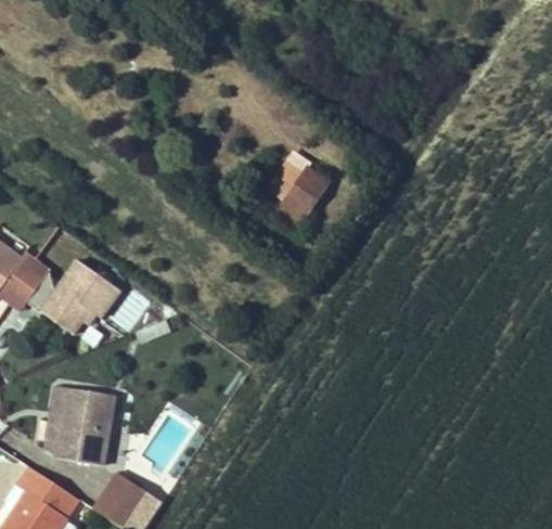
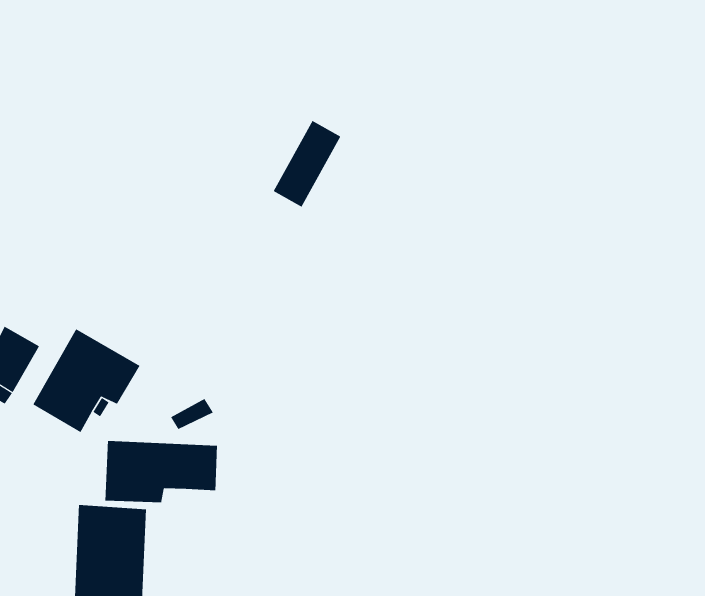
building: [274,166,328,228] -> [273,120,341,208]
building: none -> [105,440,217,503]

